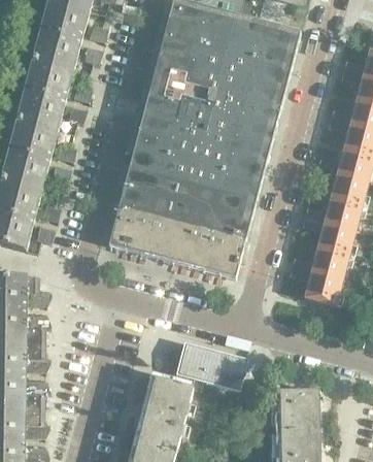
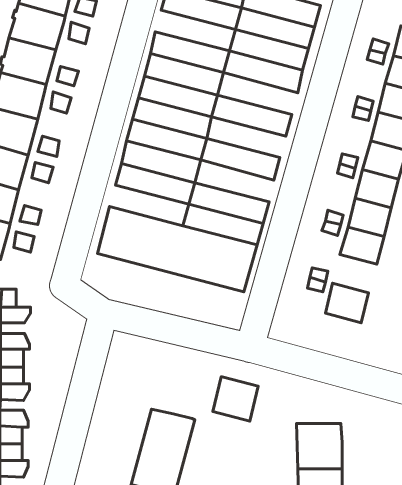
building: [159,35,228,70] -> none
building: [212,89,281,125] -> none
building: [203,127,271,162] -> none
building: [193,164,261,200] -> none
building: [120,186,188,221] -> none
building: [311,245,349,278] -> none
building: [174,342,215,387] -> none

